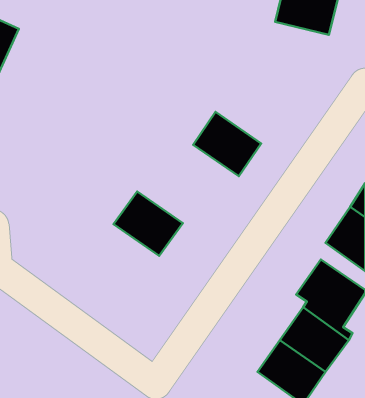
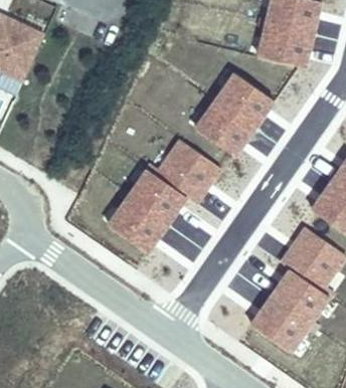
building: none -> [257,24,312,68]
building: none -> [214,73,274,129]
building: none -> [147,140,220,204]
building: none -> [108,198,166,253]

